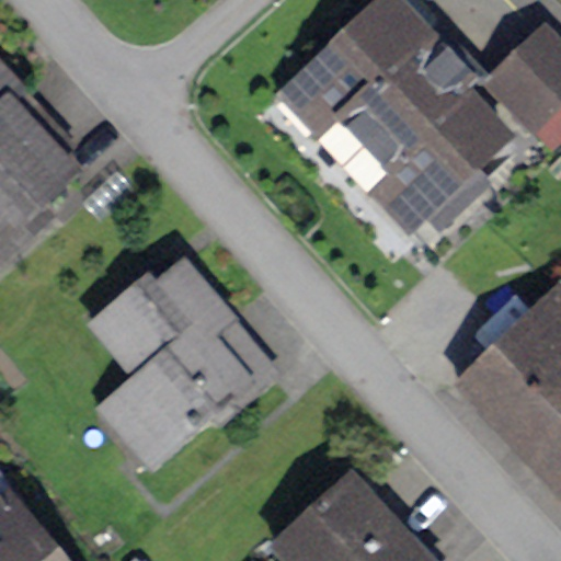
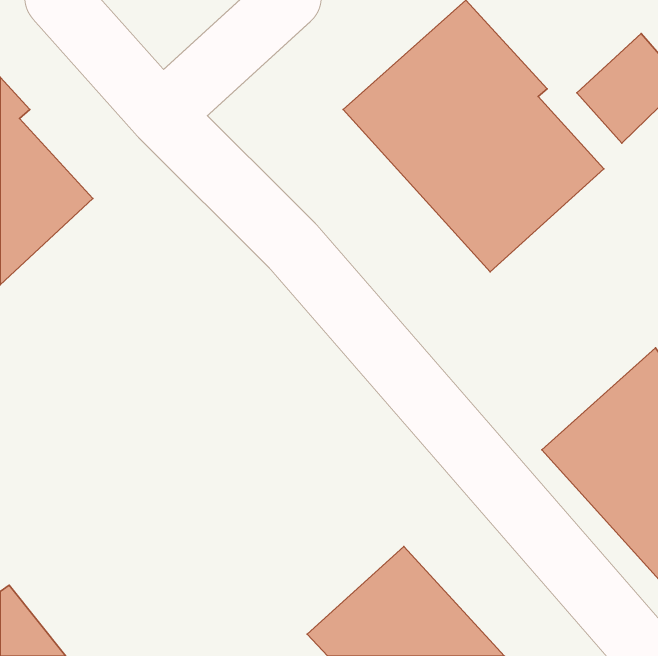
building: [84,254,270,470] -> none

